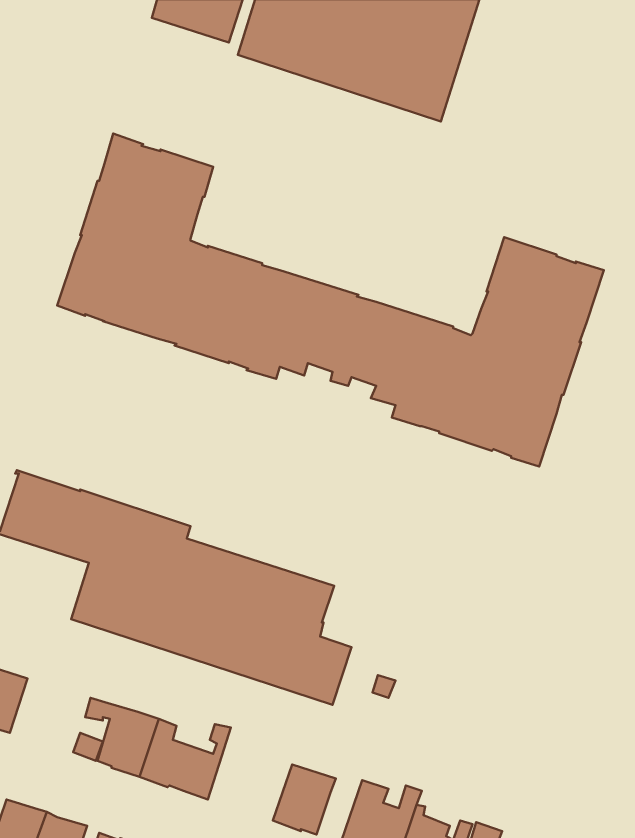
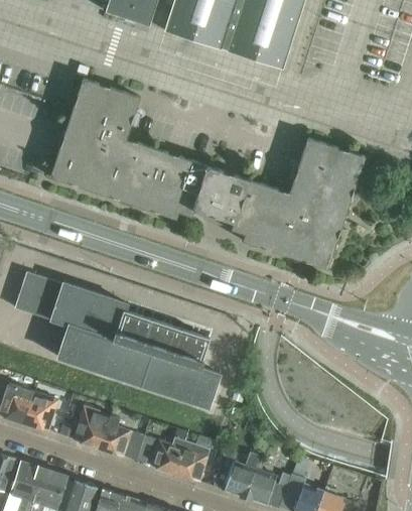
building: none -> [23,391,58,429]
building: none -> [137,432,185,473]

